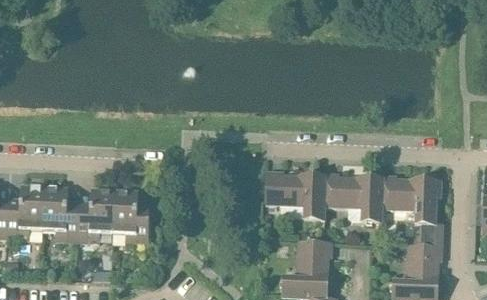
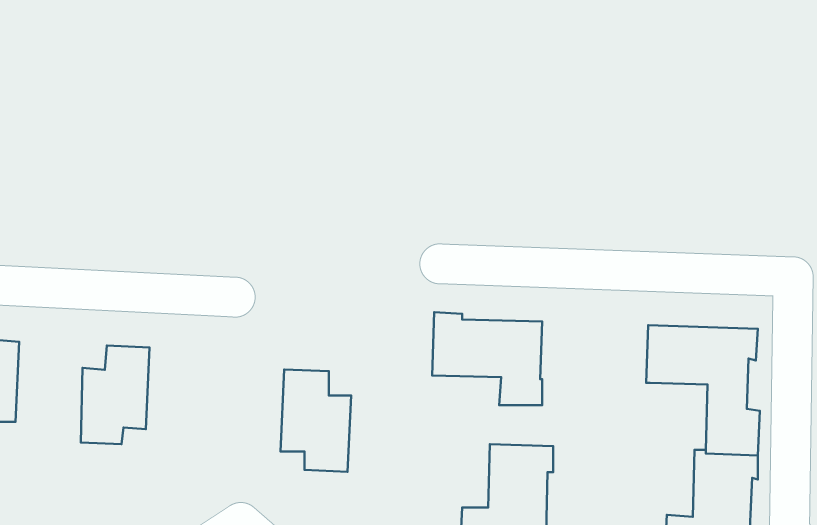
building: [324,176,383,224] -> none
building: [42,187,78,241] -> none
building: [112,190,150,245] -> [280,369,351,472]

